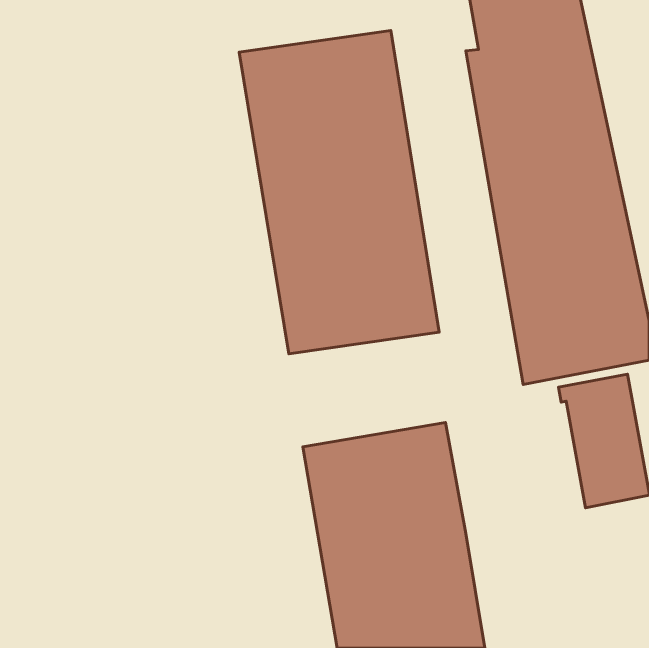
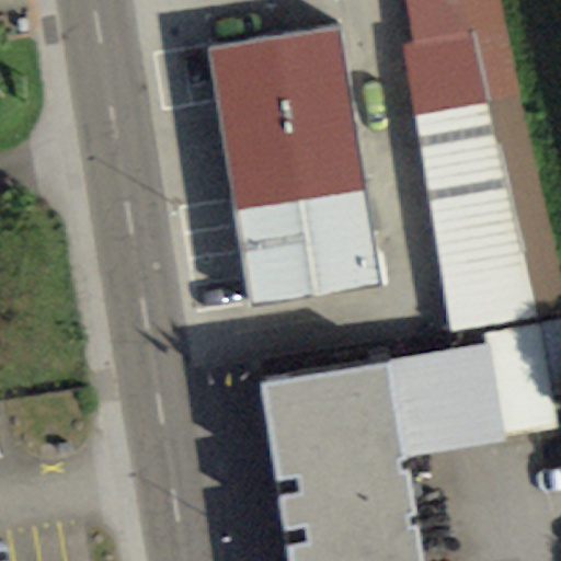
building: none -> [383,345,506,459]

